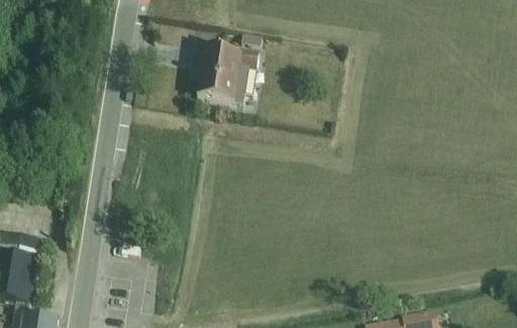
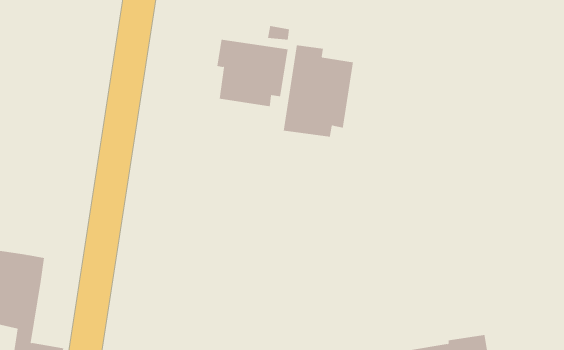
building: none -> [283,44,353,138]

